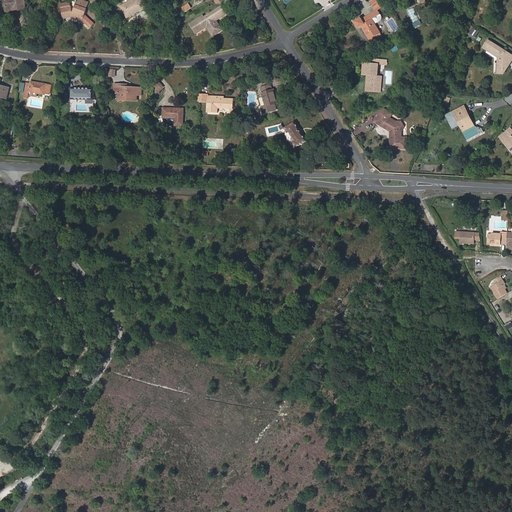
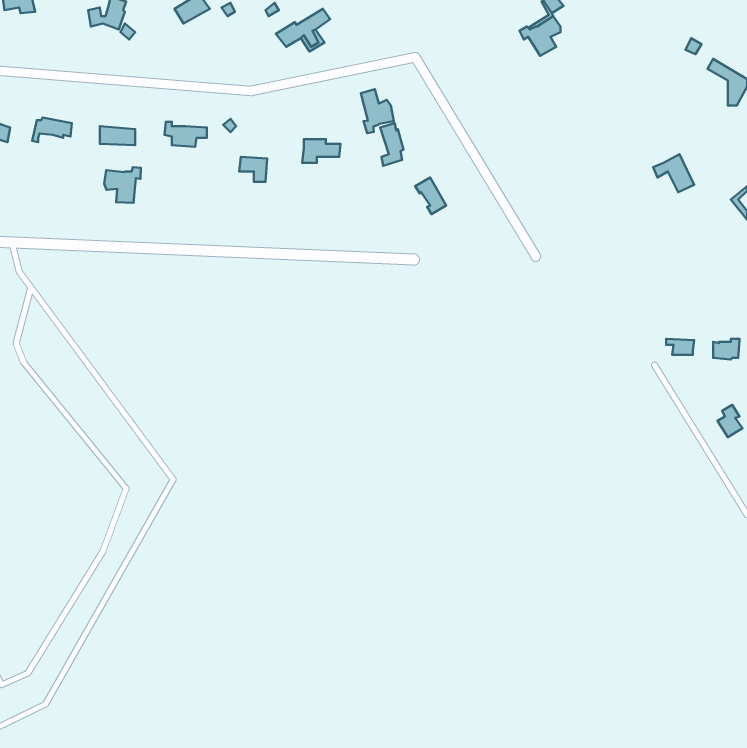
building: [361,58,385,91] -> none
building: none -> [361,89,394,133]
building: [372,108,406,147] -> none
building: none -> [104,167,141,203]

